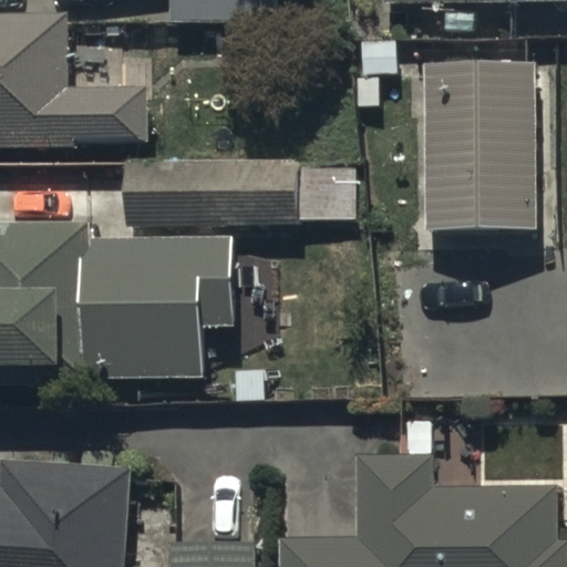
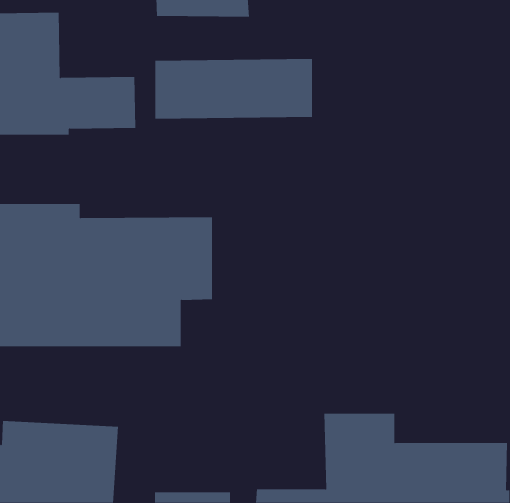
building: [425,64,535,231] -> none
building: [127,153,301,219] -> [155,59,313,119]

